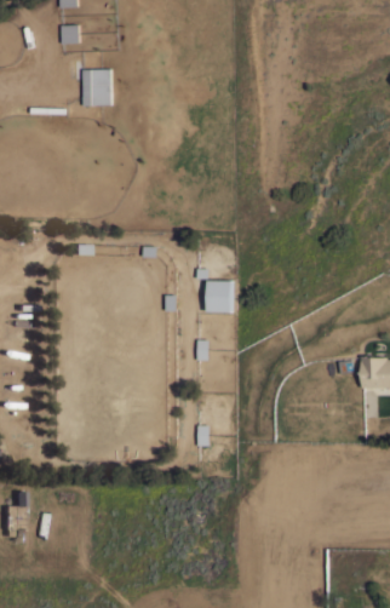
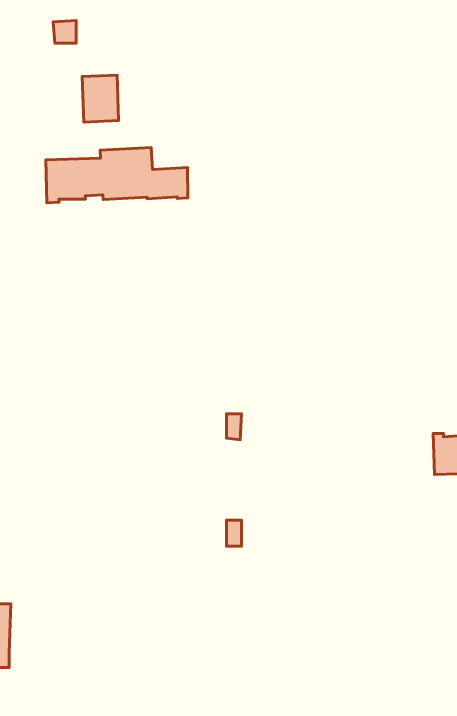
building: none -> [46,147,188,203]
building: [208,281,233,312] -> none

